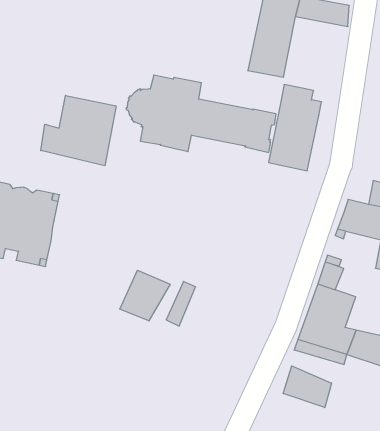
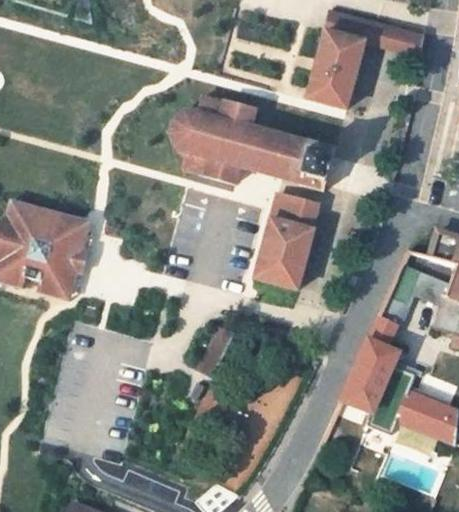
building: [269,85,322,171] -> [255,192,318,289]
building: [41,95,116,166] -> none
building: [120,270,170,321] -> none
building: [283,366,332,408] -> none

